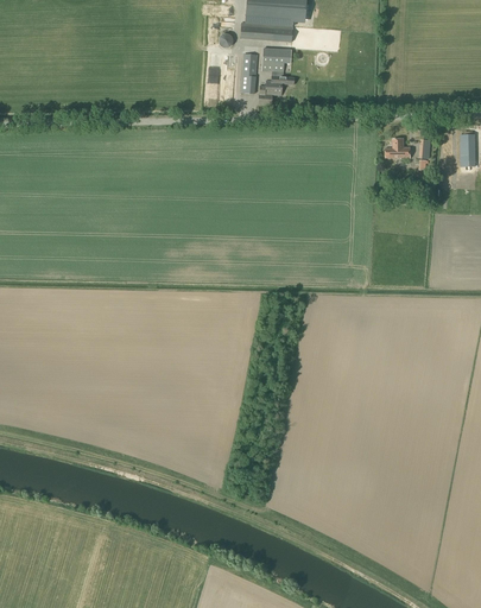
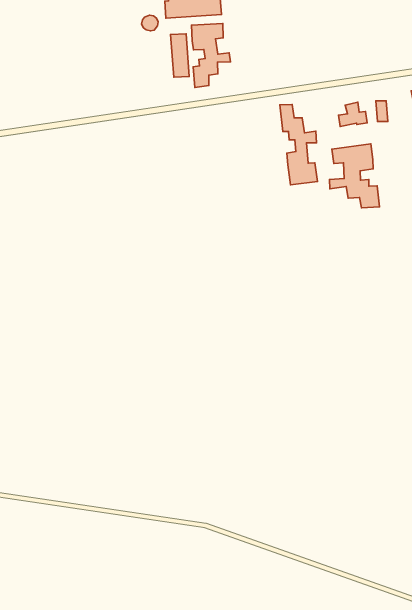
building: none -> [280,105,317,185]
building: none -> [329,144,379,208]

